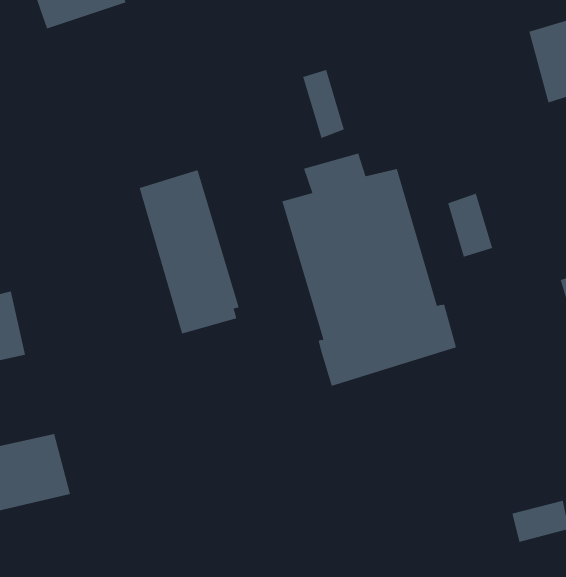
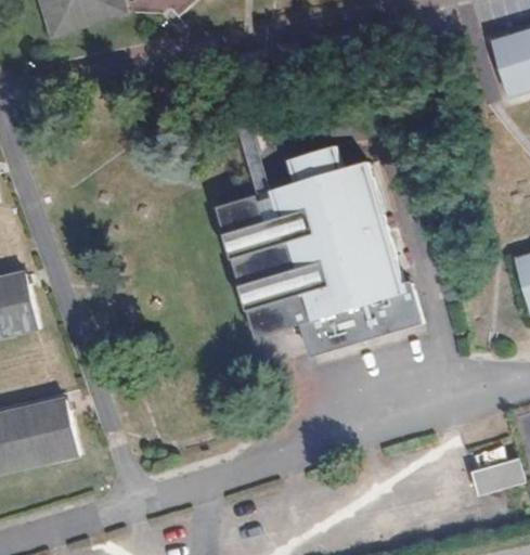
building: [302,69,345,139] -> none
building: [139,170,239,334] -> [214,191,303,338]
building: [447,193,493,258] -> none

